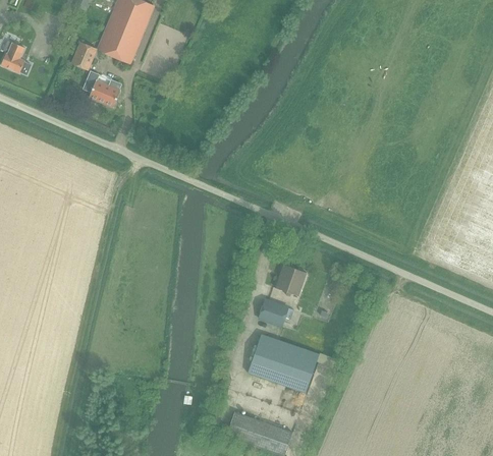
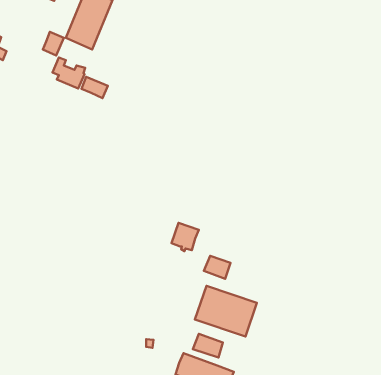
building: none -> [82,77,108,98]
building: [275,264,307,296] -> [171,223,199,251]
building: none -> [193,334,223,358]

